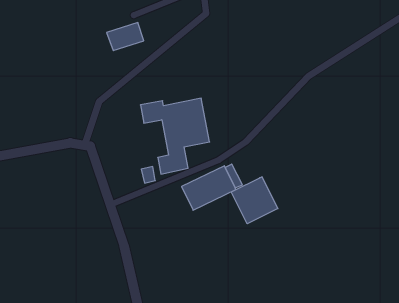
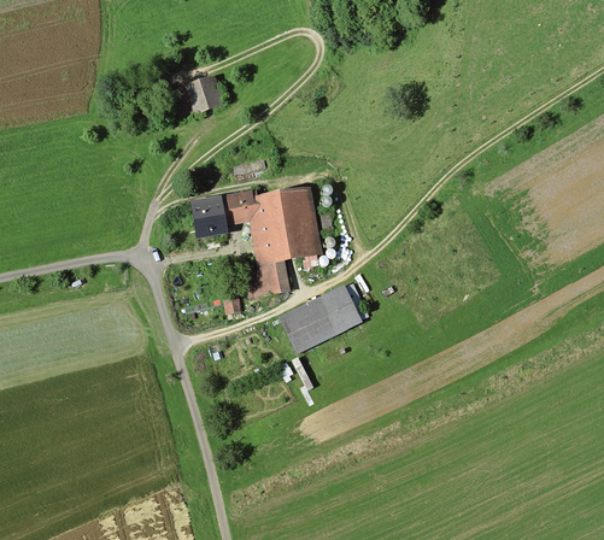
building: none -> [190,198,224,236]
building: [231,177,278,224] -> none

